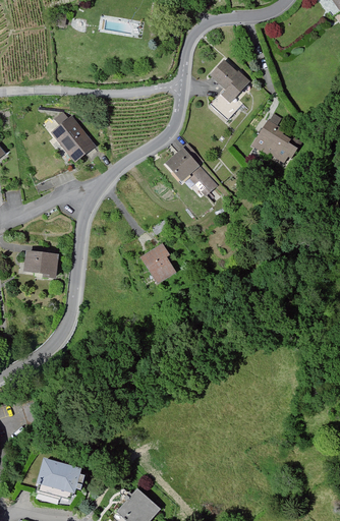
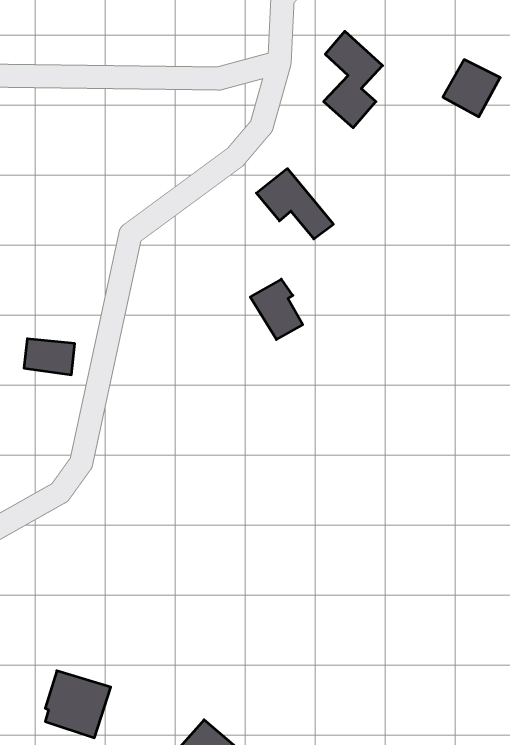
building: [52,117,94,162] -> none
building: [254,121,290,157] -> [443,60,500,117]
building: [141,244,174,282] -> [250,279,303,340]

